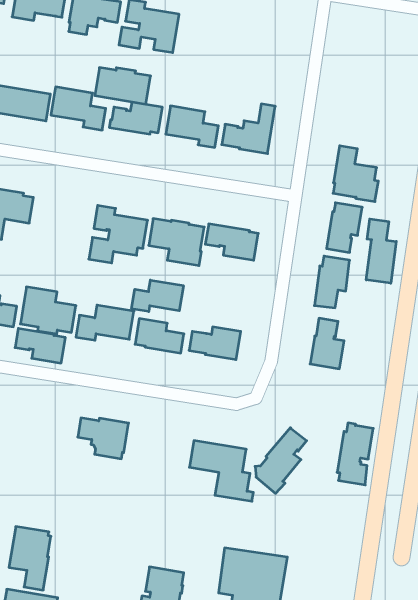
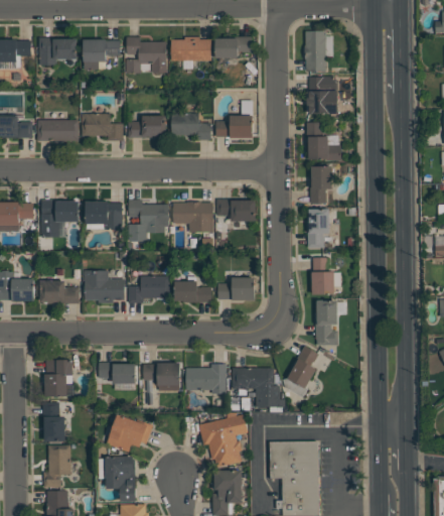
building: none -> [215,36,253,58]
building: none -> [305,31,326,72]
building: [95,68,151,104] -> [171,37,211,61]
building: none -> [307,77,338,115]
building: none -> [86,202,123,230]
building: [366,219,396,283] -> none
building: [132,280,183,312] -> none
building: [15,328,65,363] -> [99,363,136,384]
building: [337,423,373,485] -> [315,300,338,346]
building: none -> [186,364,227,394]
building: none -> [107,414,153,453]
building: none -> [198,413,248,468]

